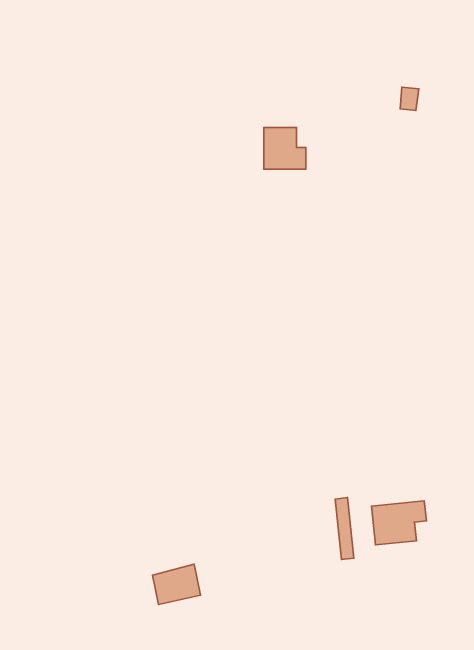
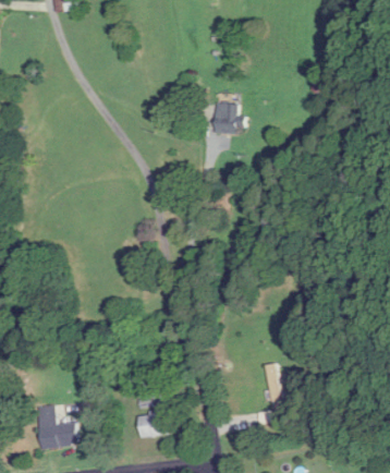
building: [372,501,426,545] -> none
building: none -> [37,405,78,448]

